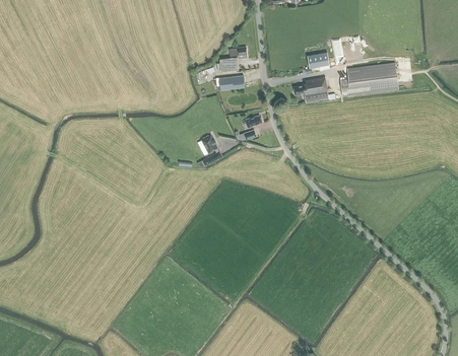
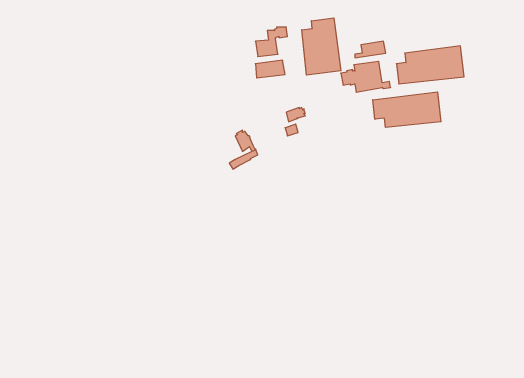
building: none -> [302,18,341,75]
building: none -> [373,92,441,127]

